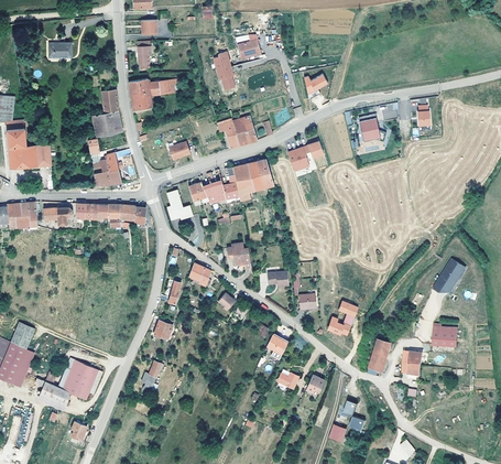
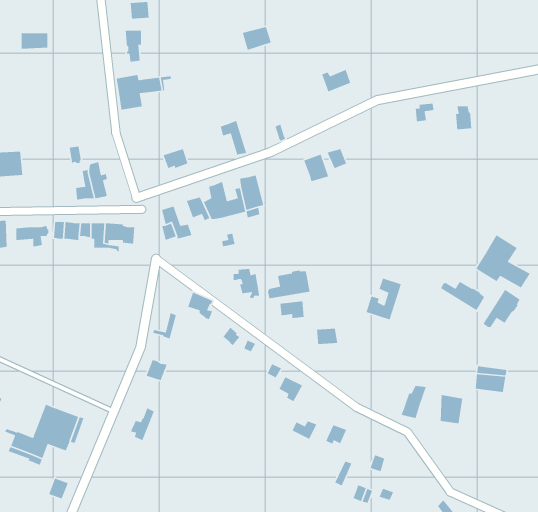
building: [213,52,235,90] -> none
building: [91,89,121,137] -> none
building: [357,112,385,140] -> none
building: [231,116,255,145] -> none
building: [247,159,273,190] -> none
building: none -> [475,234,531,288]
building: none -> [267,269,311,299]
building: none -> [440,281,485,311]
building: [326,301,357,337] -> [366,277,402,320]

